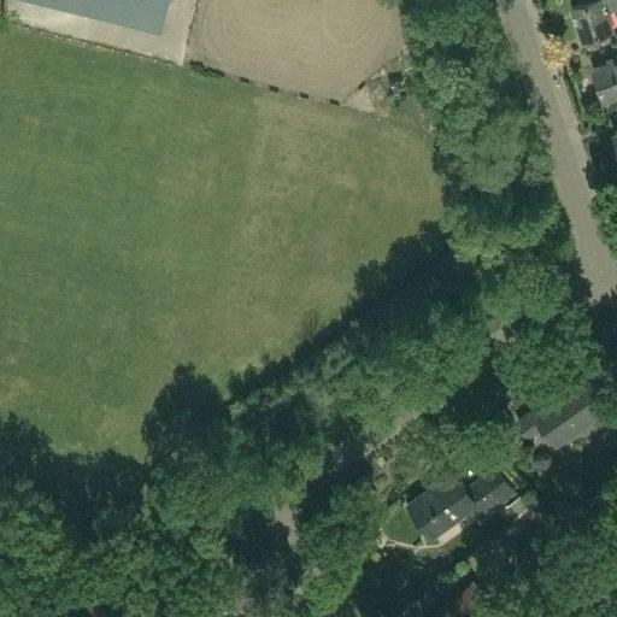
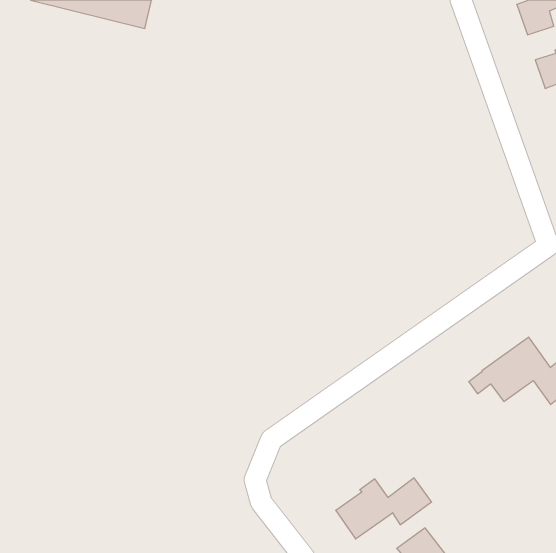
building: [409,471,515,539] -> [336,478,432,539]

